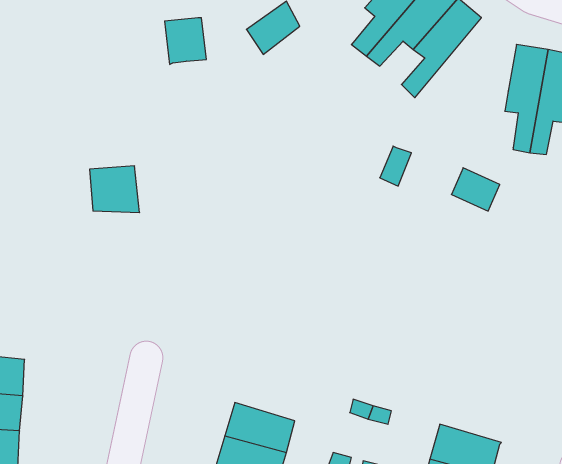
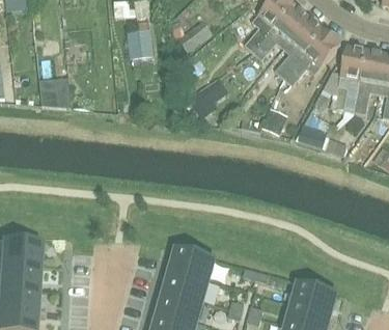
building: none -> [282,28,340,85]
building: [90,166,140,213] -> [38,76,70,105]
building: none -> [170,247,214,279]

